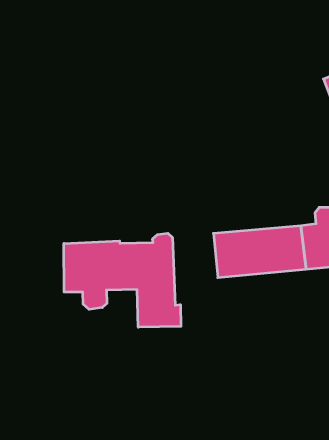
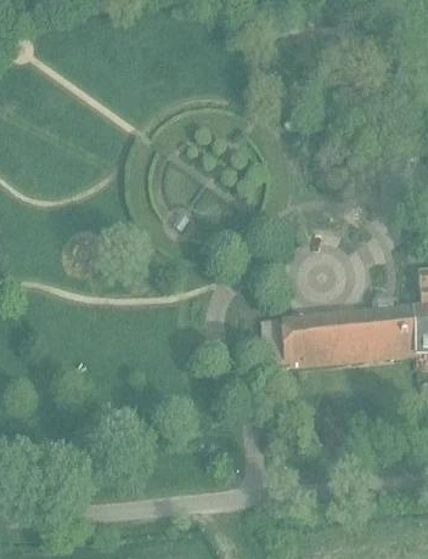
building: [64,233,181,327] -> none

